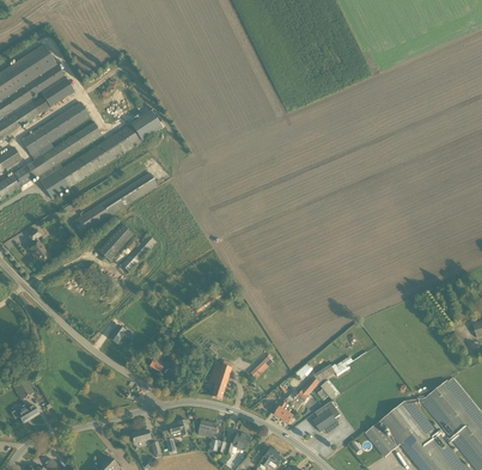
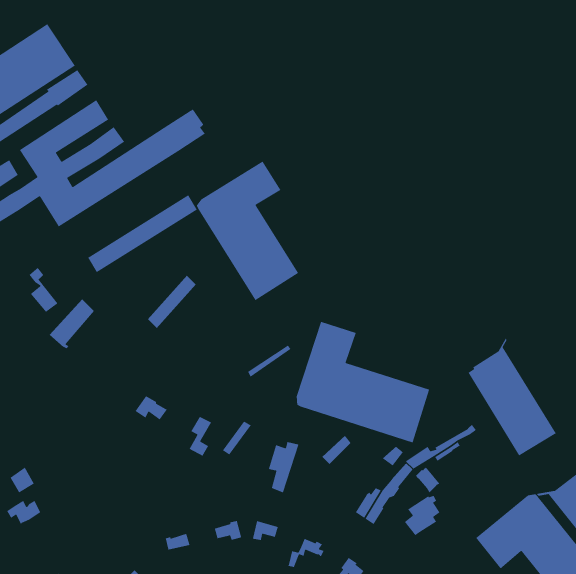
building: none -> [196,161,299,301]
building: [97,224,132,262] -> [49,298,95,349]
building: none -> [296,321,430,443]
building: none -> [468,337,557,457]

